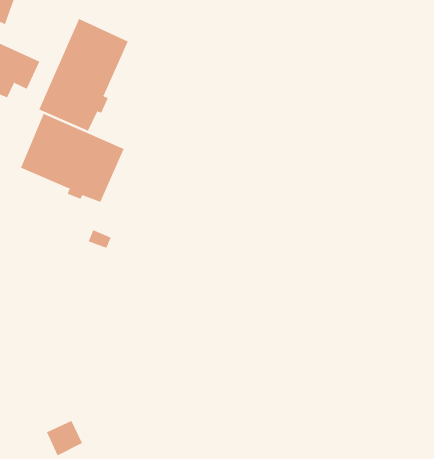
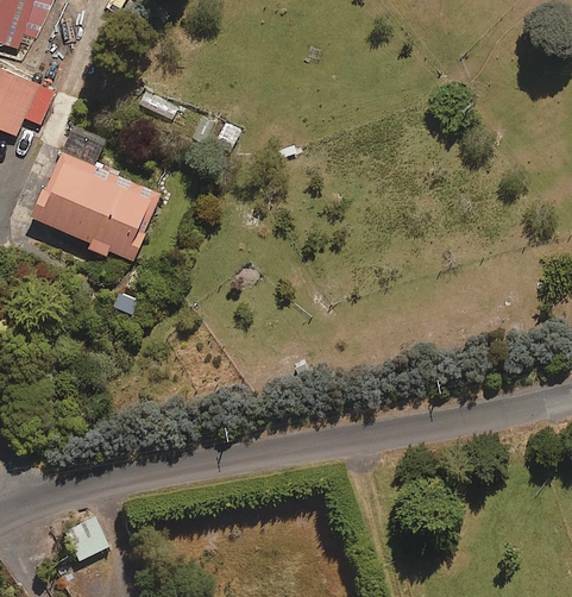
building: [38,18,128,132] -> none

